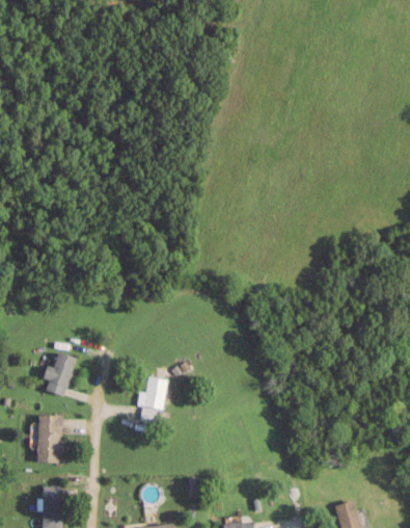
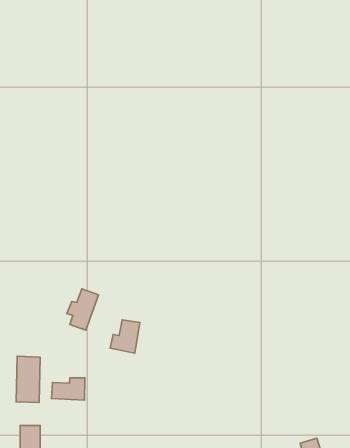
building: [43,352,76,396] -> [67,289,99,330]
building: none -> [52,378,85,400]

